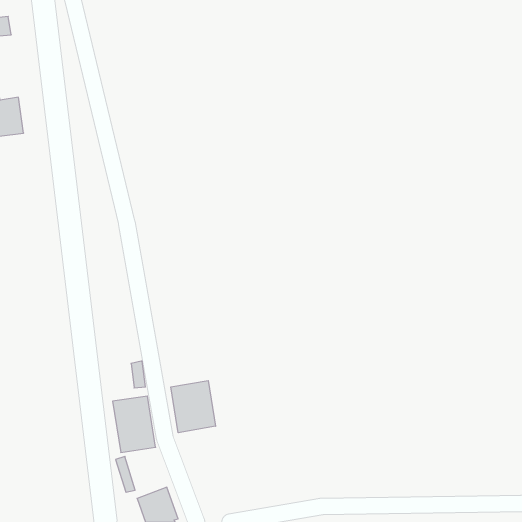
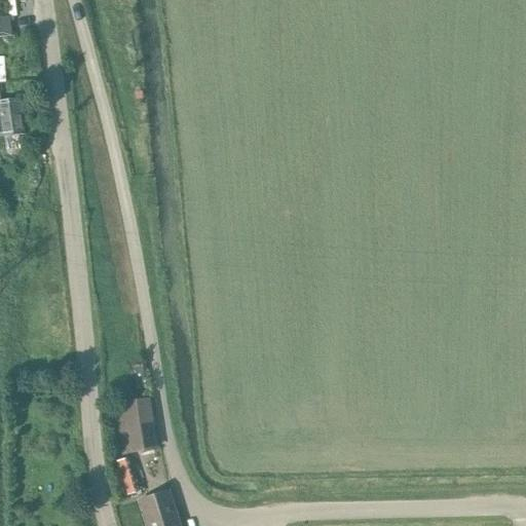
building: [171,381,216,433] -> none

